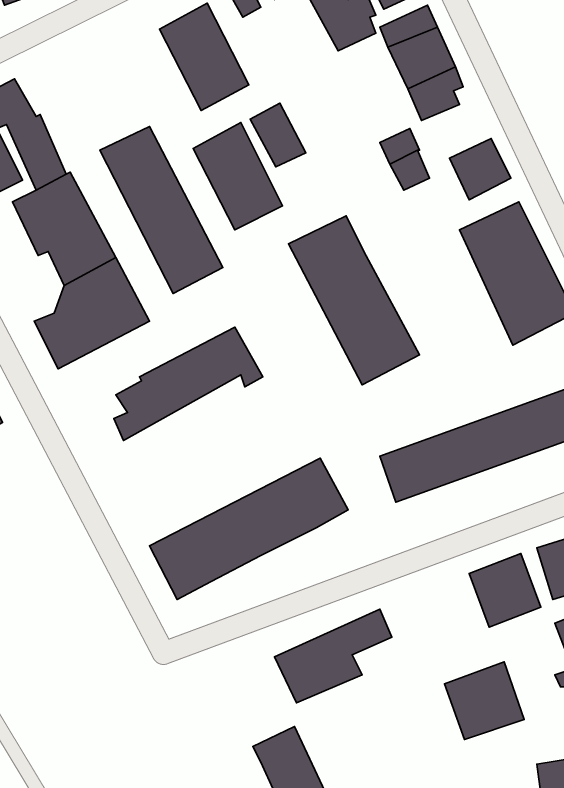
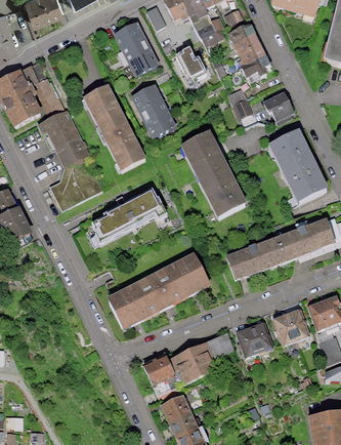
building: [250,103,306,167] -> [176,48,205,81]
building: none -> [143,356,177,394]
building: [445,662,524,739] -> [232,317,273,357]

